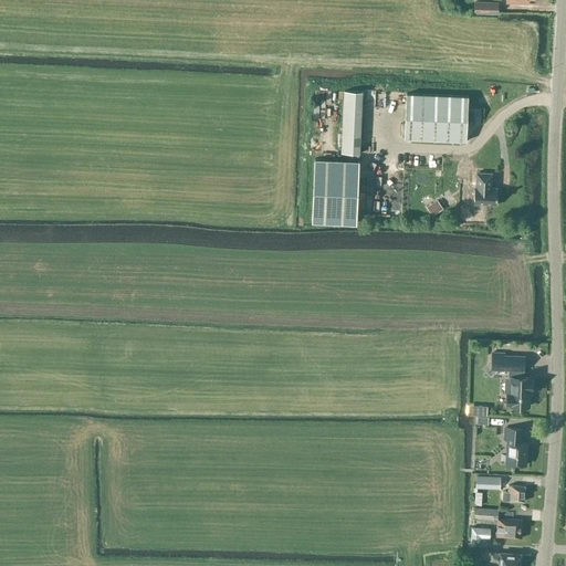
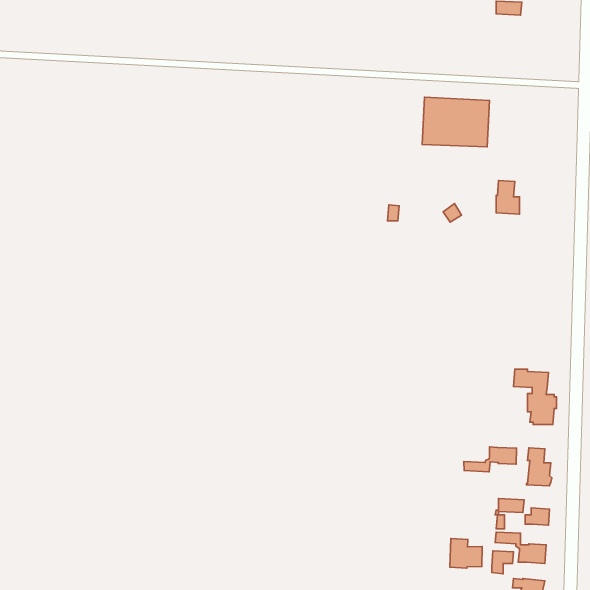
building: [342,92,363,155] -> none
building: [312,160,359,223] -> none
building: none -> [464,447,517,472]
building: none -> [450,538,482,568]

